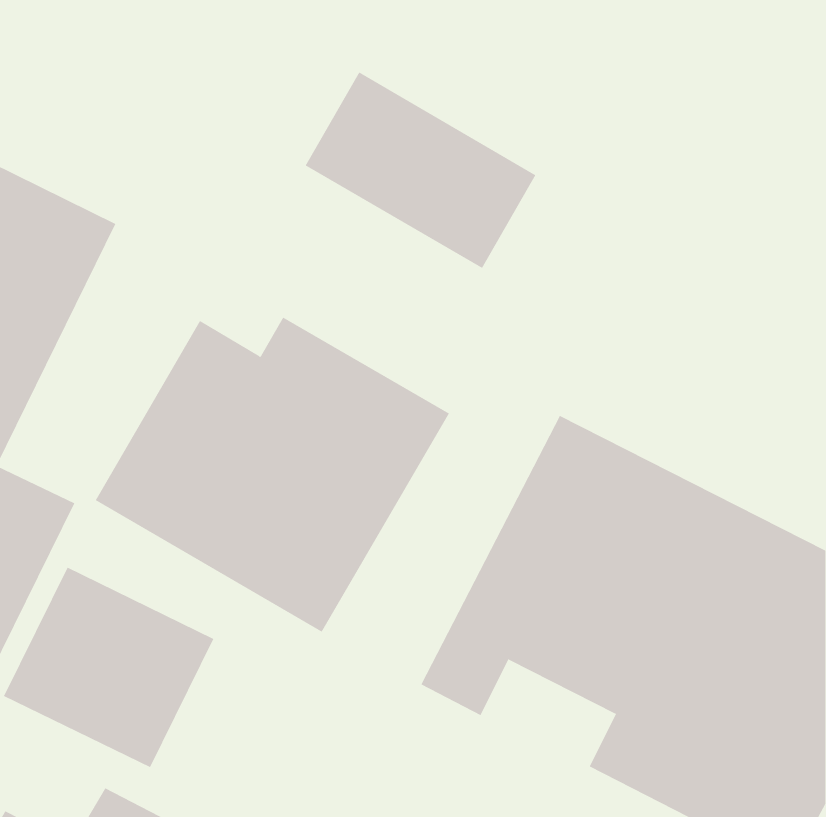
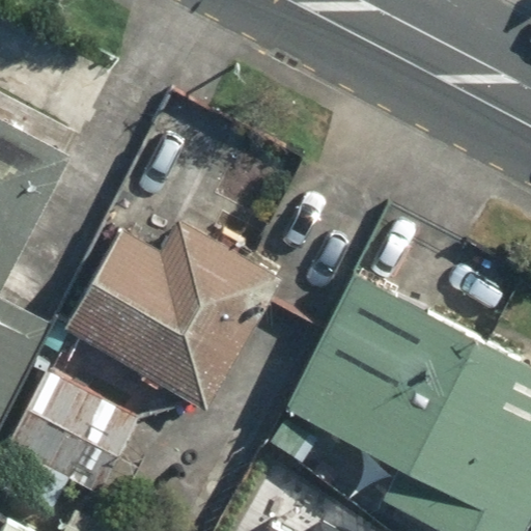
building: [305,72,536,269] -> none

